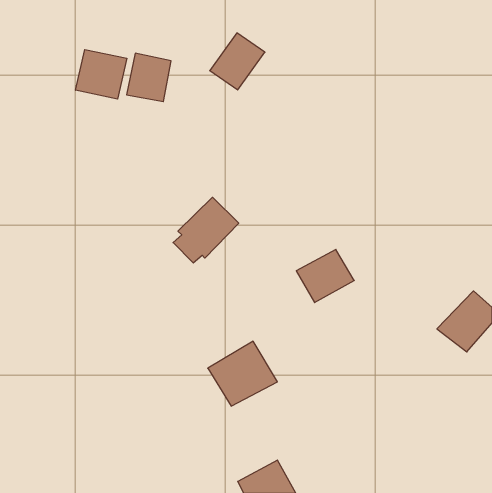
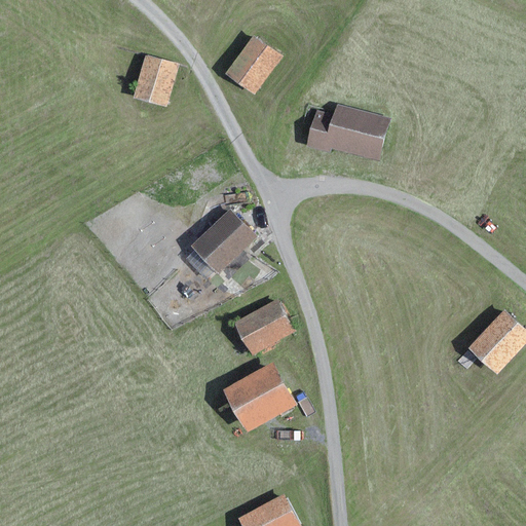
building: [76,50,127,99] -> none
building: none -> [305,103,389,160]
building: [296,249,354,303] -> [232,299,294,355]

